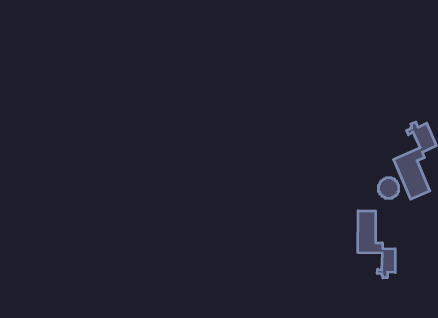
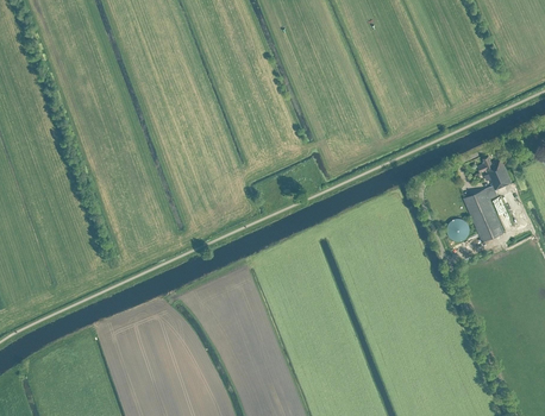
building: [358,211,395,278] -> none

